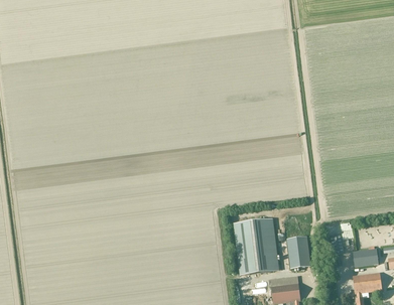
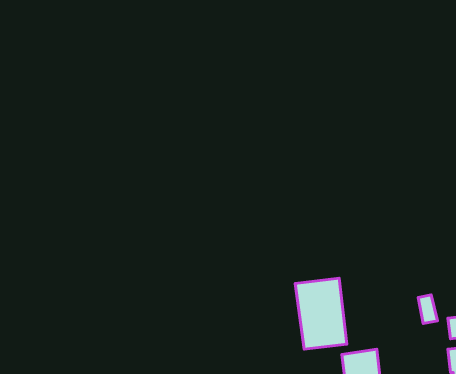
building: [286,236,310,269] -> none

